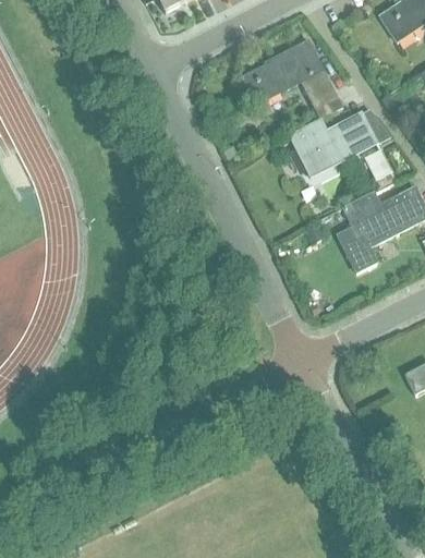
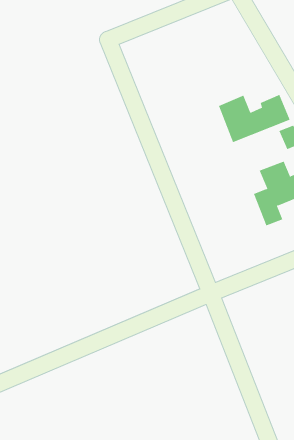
building: [241,40,341,117] -> none

